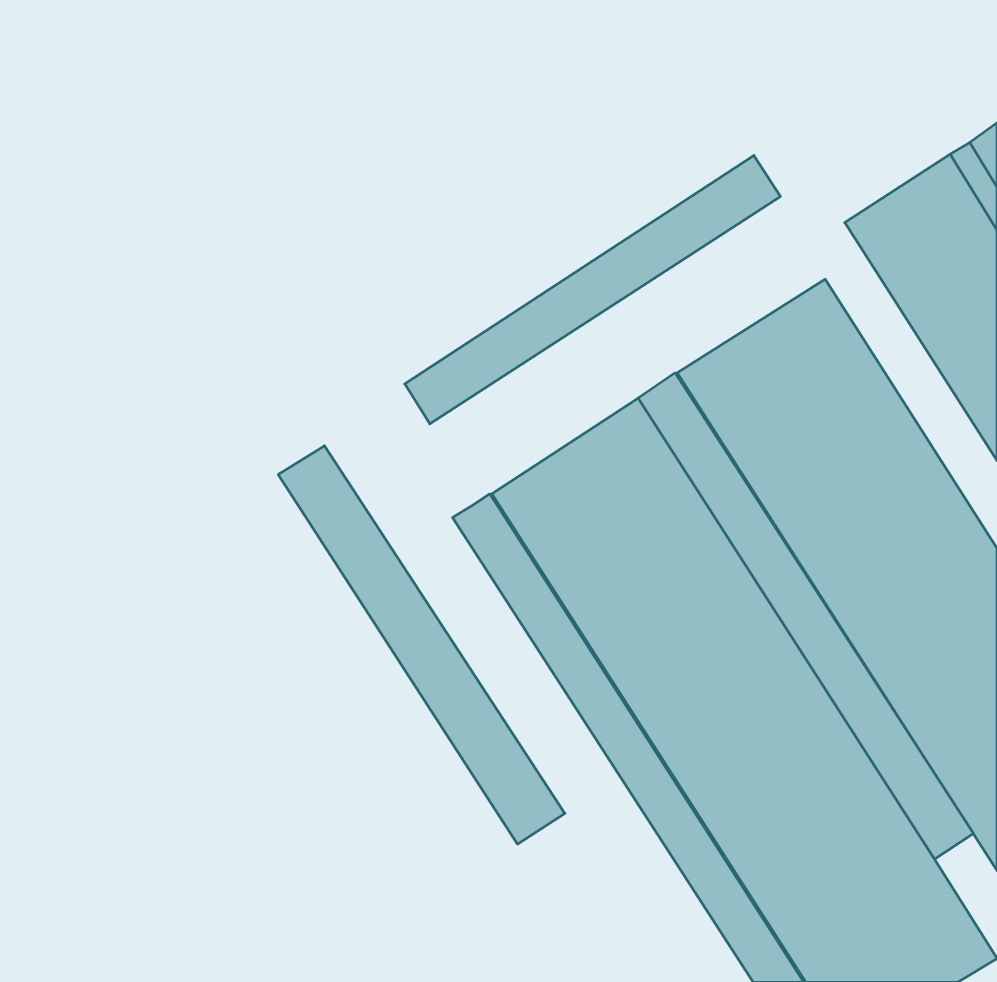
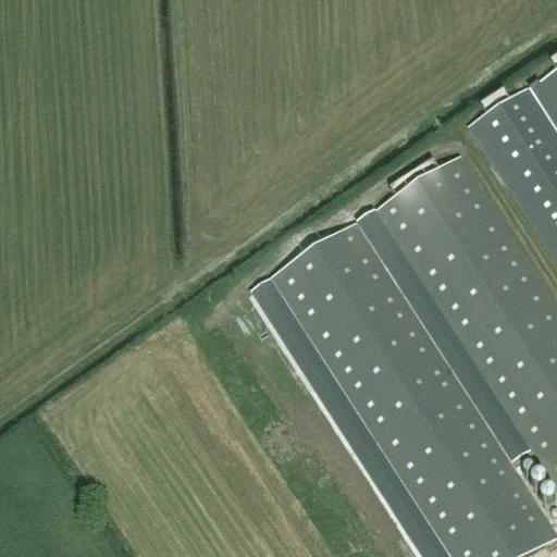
building: [405,155,780,424] -> none
building: [278,446,565,844] -> none

